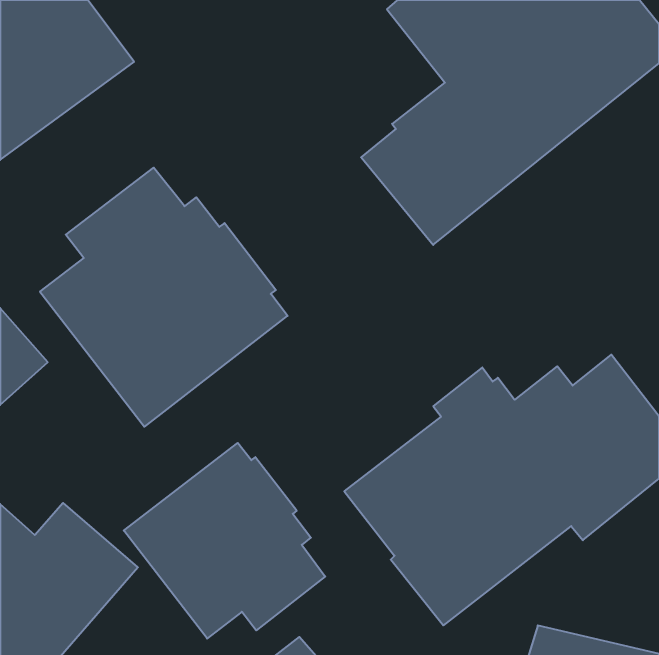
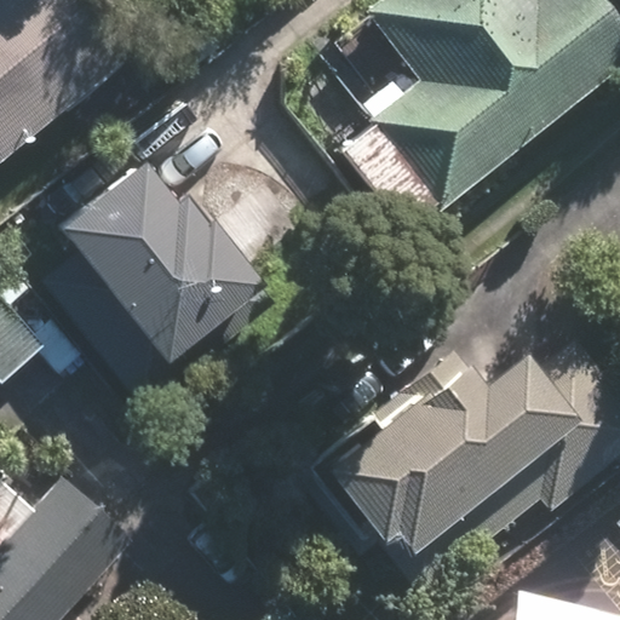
building: [124,443,325,639] -> none

